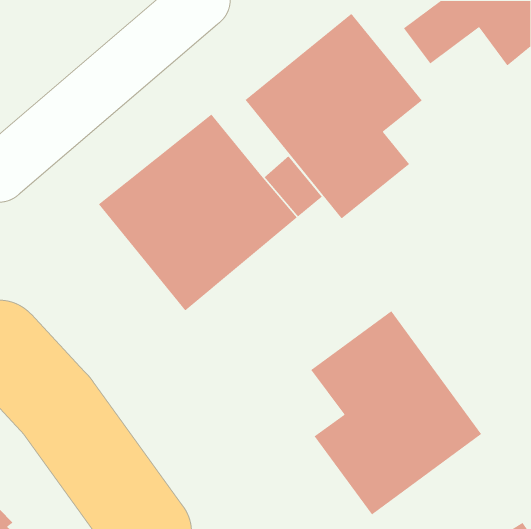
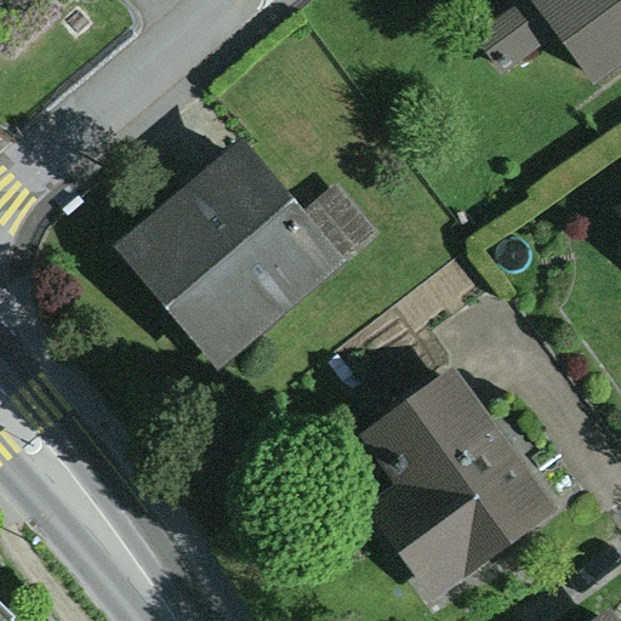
building: [245,13,423,220] -> none

